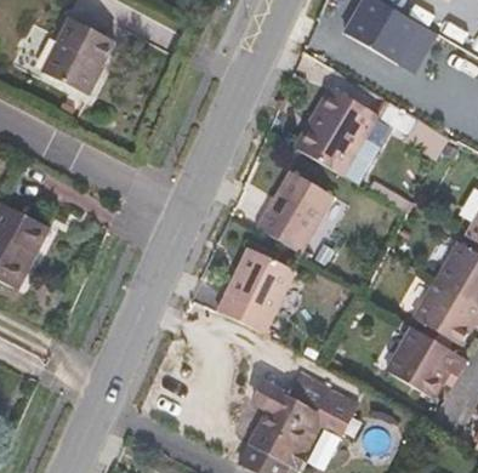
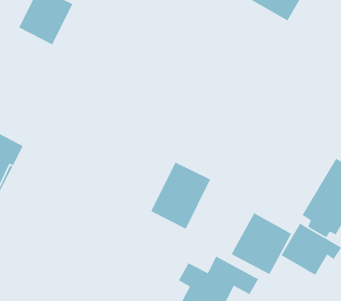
building: [292,86,377,176] -> none
building: [256,170,332,253] -> none
building: none -> [231,212,292,275]

